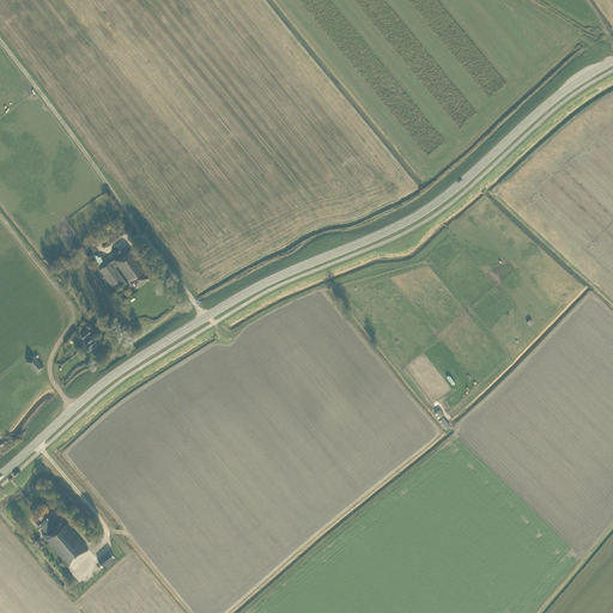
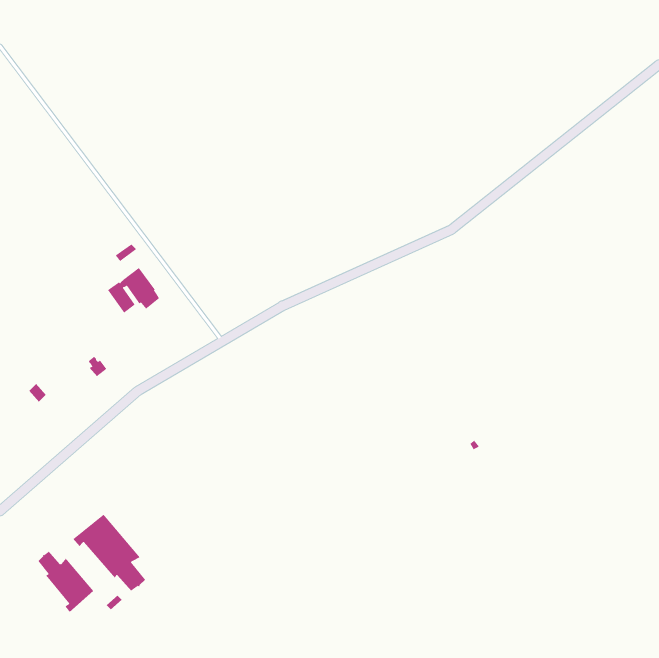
building: none -> [72,514,146,592]

